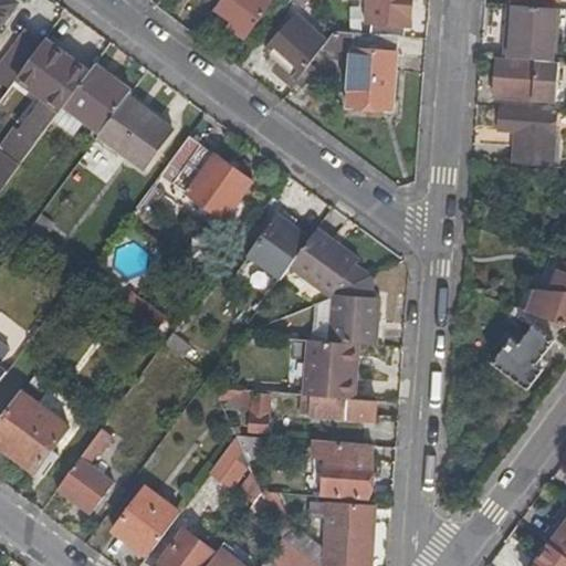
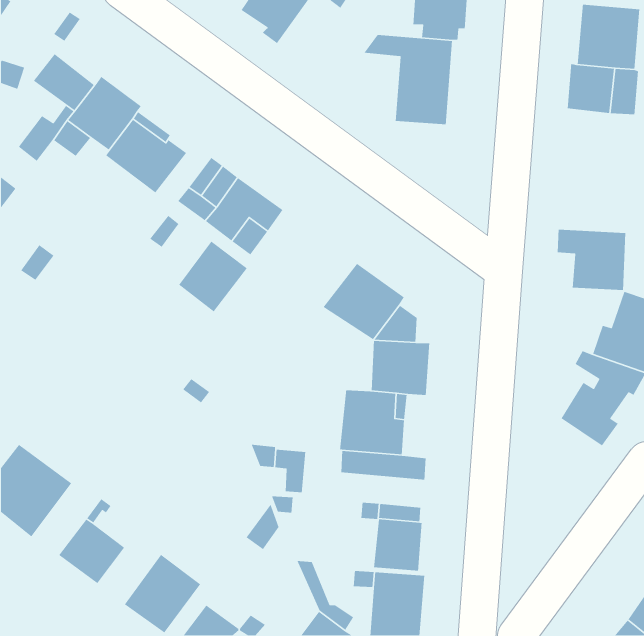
building: [259,18,317,78] -> none
building: [496,111,557,165] -> [557,229,626,291]
building: [245,216,306,279] -> [178,240,248,313]

